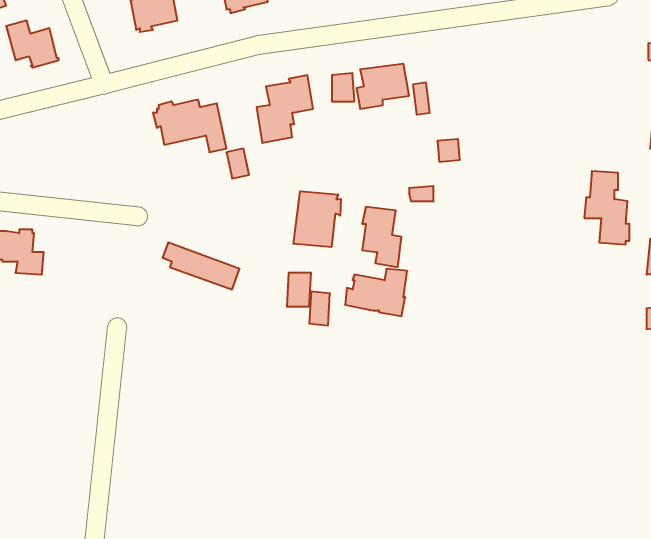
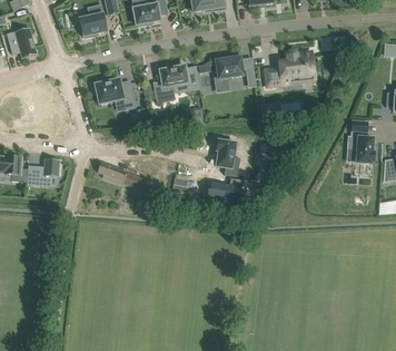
building: none -> [265,50,315,85]
building: [294,191,341,247] -> none
building: none -> [27,158,60,184]

